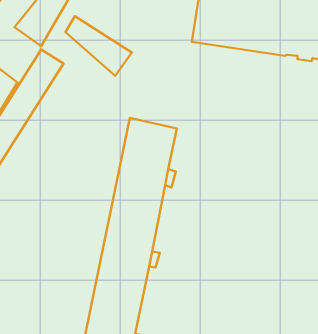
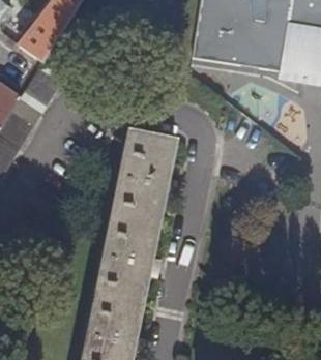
building: [66,16,132,76] -> none

